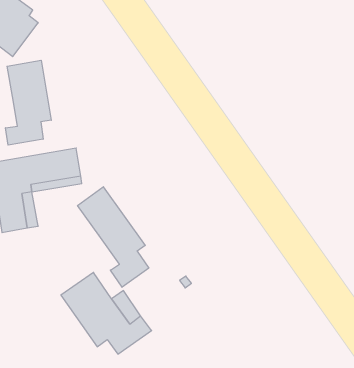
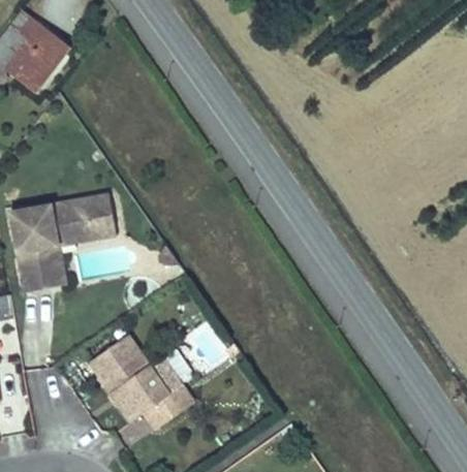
building: [6,60,51,145] -> none
building: [78,187,149,287] -> none

